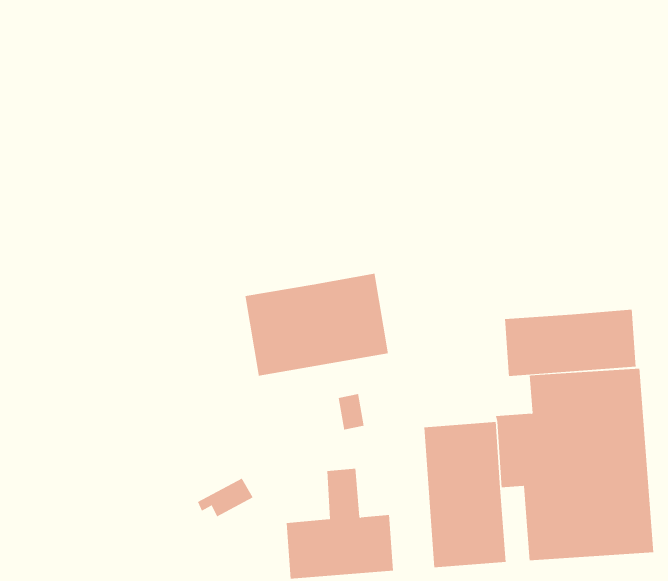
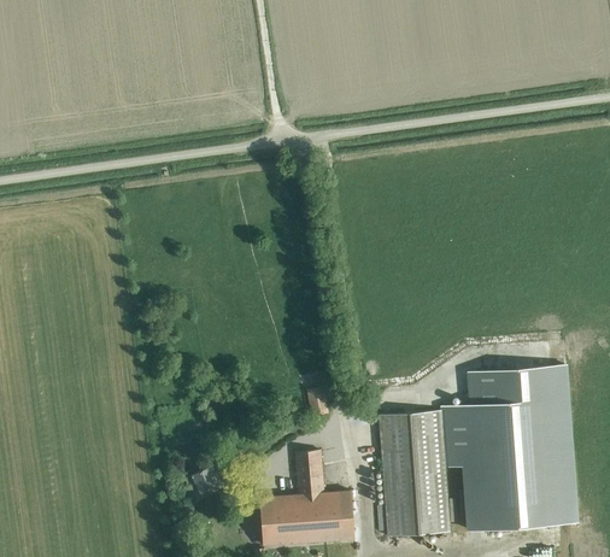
building: [245,273,389,377] -> none
building: [505,309,636,377] -> none

